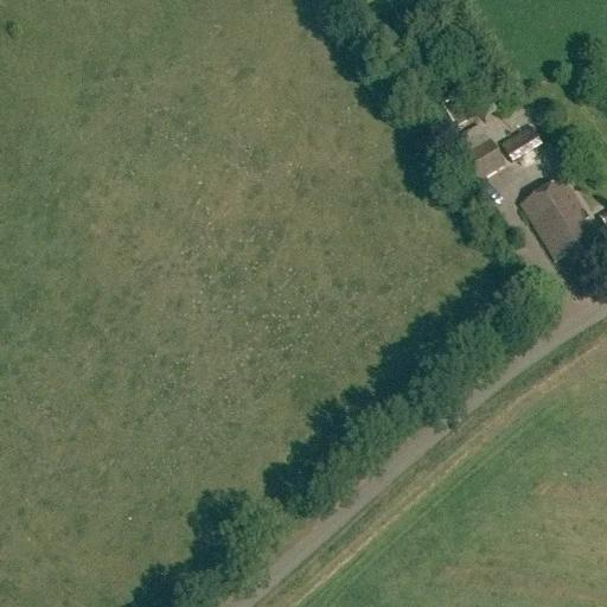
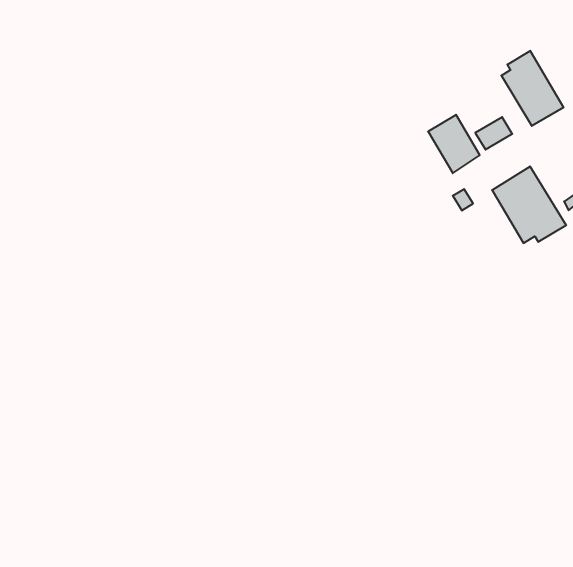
building: none -> [501,51,563,126]

